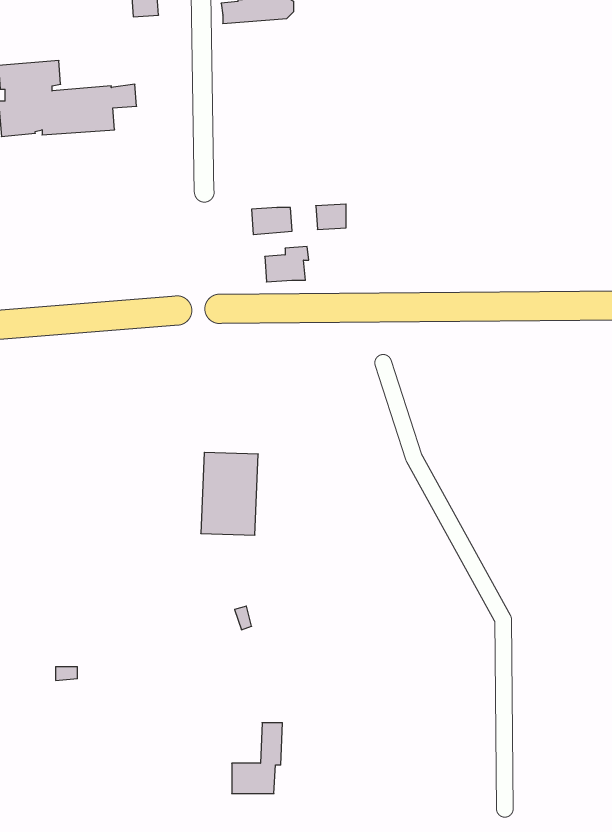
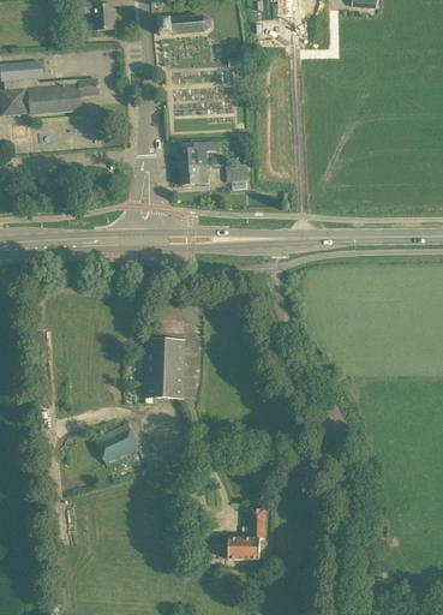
building: [265,247,309,282] -> [180,141,211,166]
building: none -> [95,423,139,464]
building: [232,723,282,794] -> [231,508,267,559]

